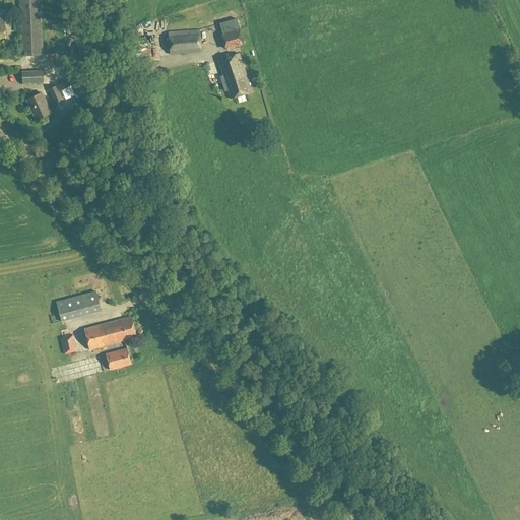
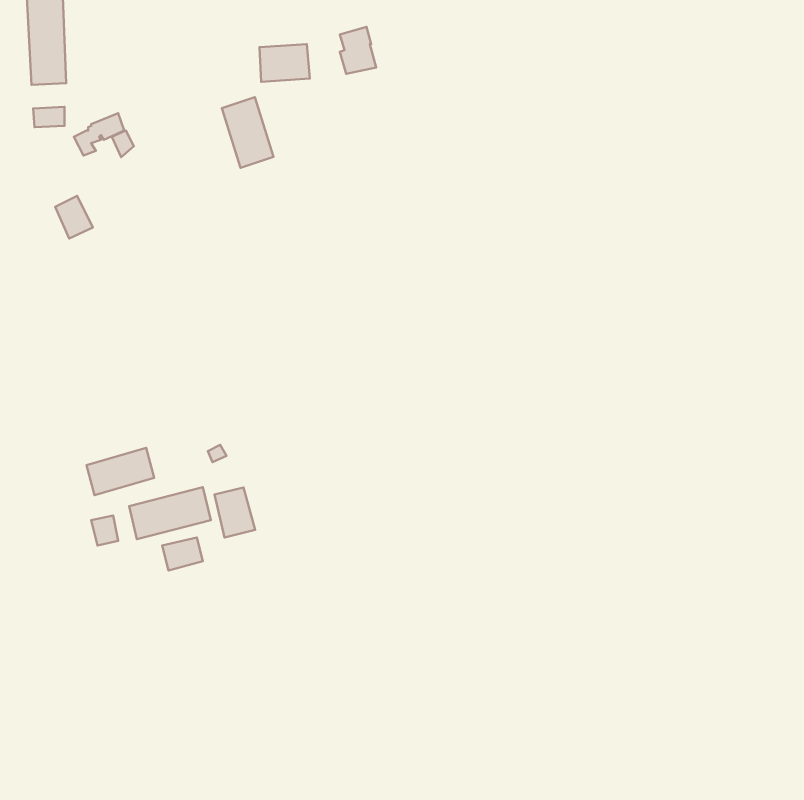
building: [216,52,250,98] -> [222,97,274,168]
building: [26,91,51,119] -> [55,196,93,238]
building: none -> [215,488,255,537]

